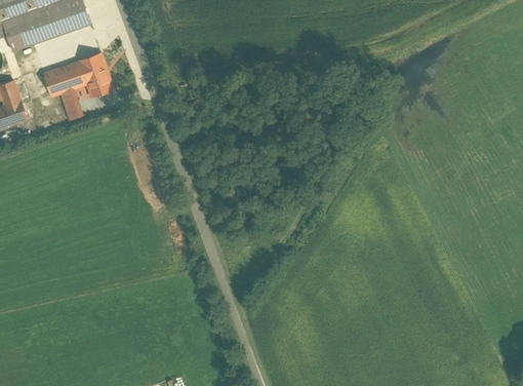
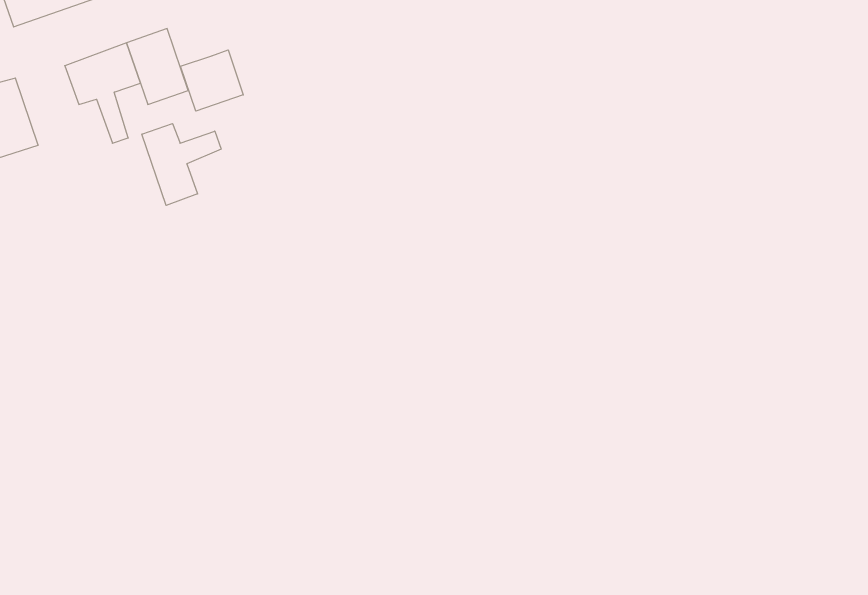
building: none -> [181,50,243,111]
building: none -> [142,124,221,205]

